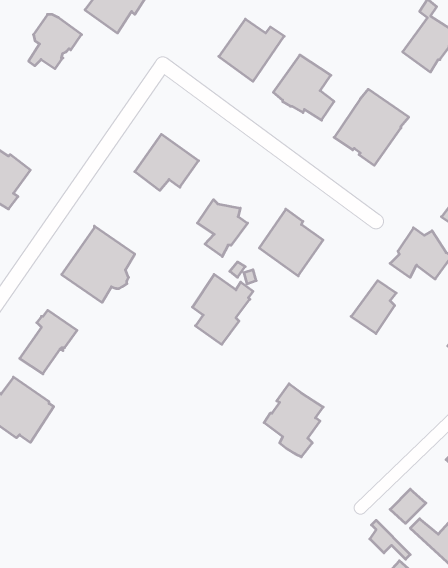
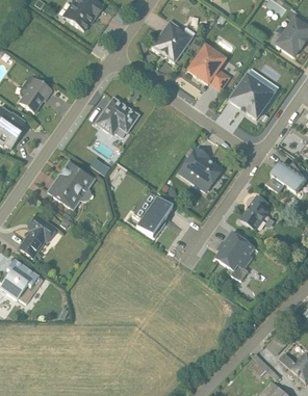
building: [29,14,82,69] -> [17,75,52,111]
building: [197,200,248,257] -> none
building: [264,384,323,457] -> [216,231,256,280]

